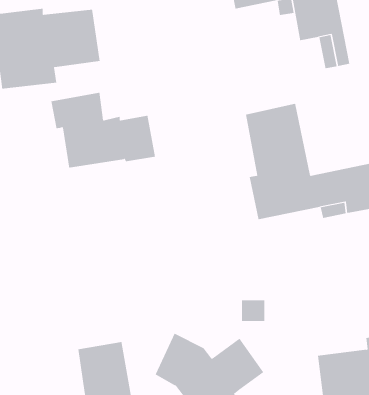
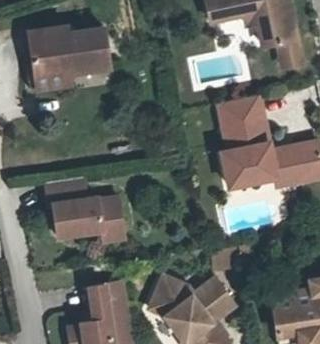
building: [51,92,156,168] -> [45,179,128,239]

